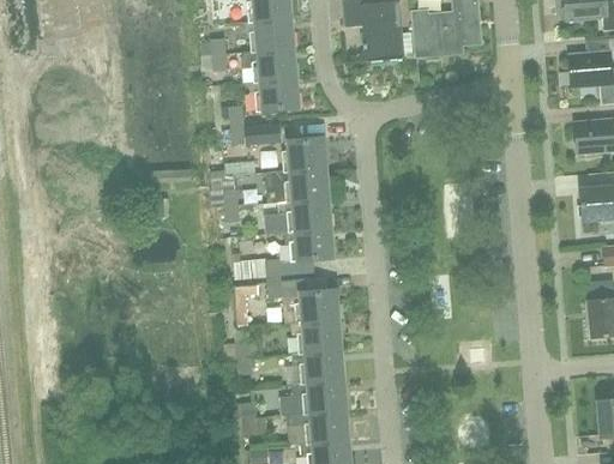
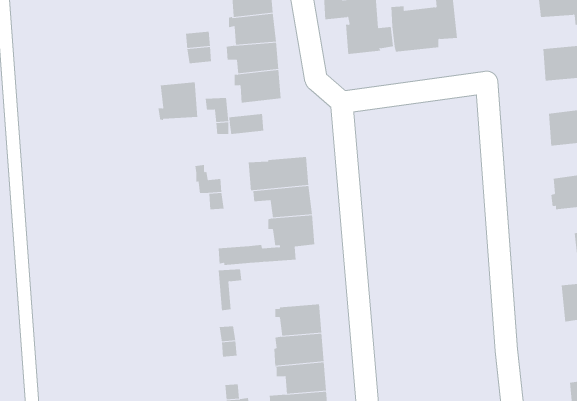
building: none -> [158,82,198,121]
building: [283,135,326,170] -> none
building: [267,278,339,323] -> none

